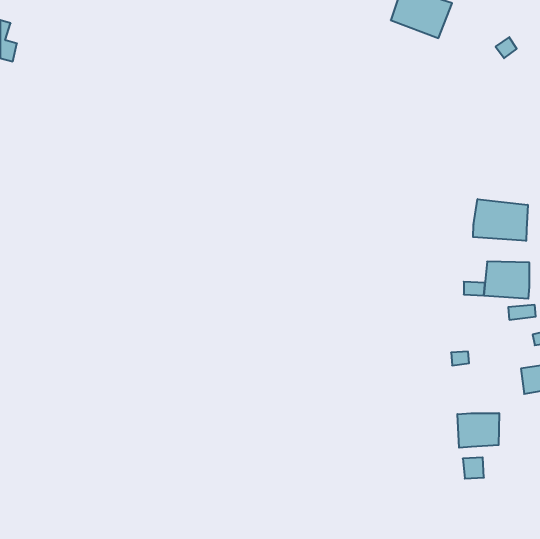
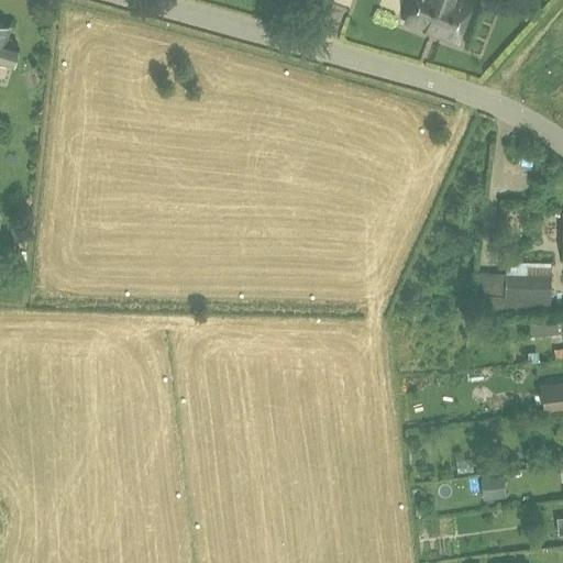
building: [473,199,528,241] -> none
building: [457,413,499,448] -> none

